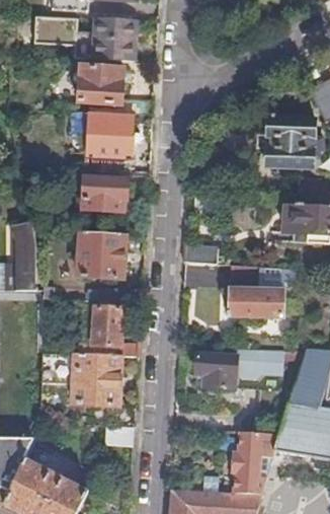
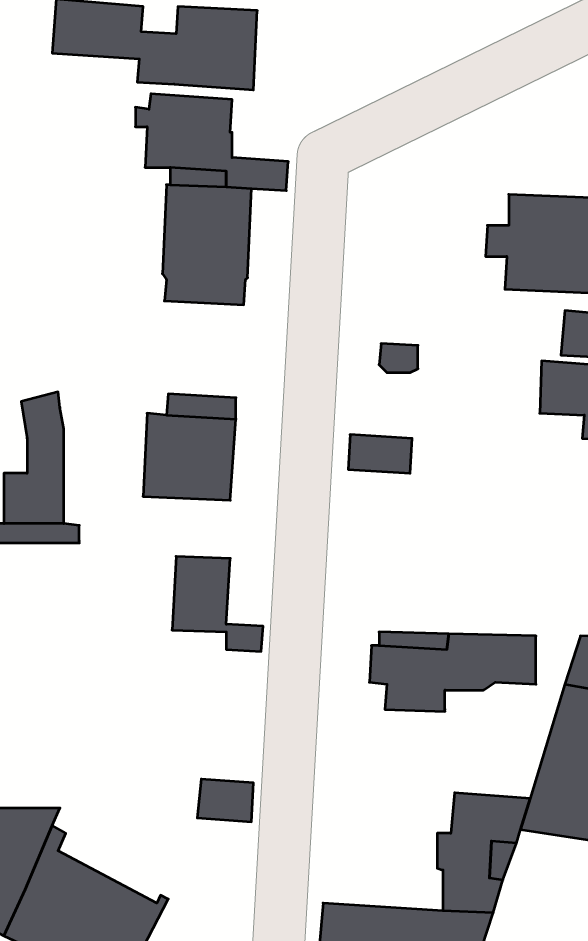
building: [74,178,128,215] -> none
building: [229,266,297,318] -> none
building: [43,352,120,406] -> none

